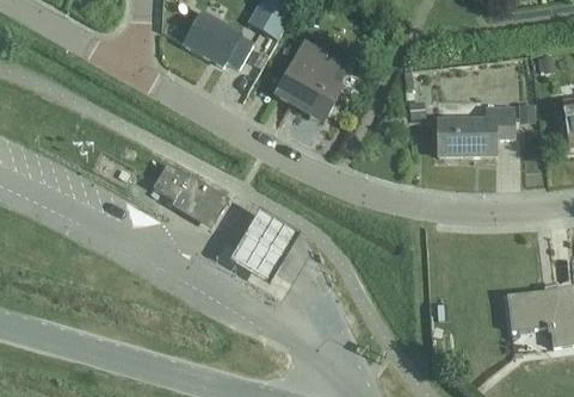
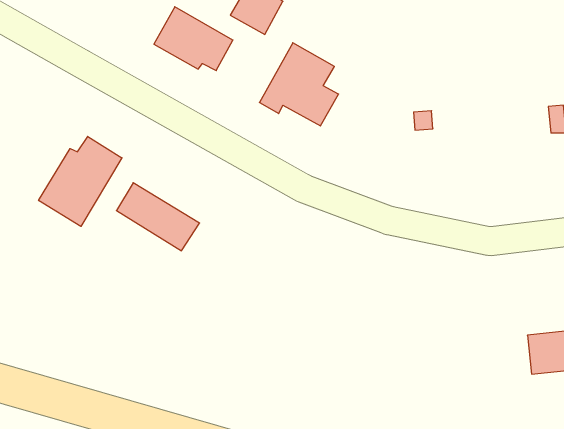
building: [439,106,514,155] -> none
building: none -> [39,136,122,226]
building: [230,213,298,285] -> none

